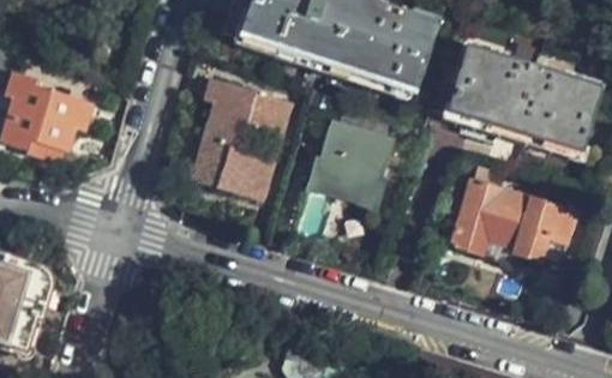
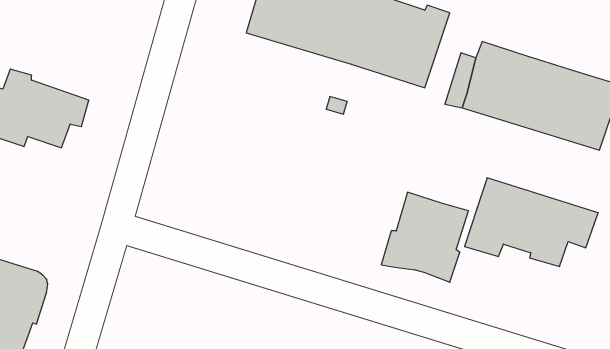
building: [192,77,289,199] -> none
building: [307,120,391,206] -> [381,192,469,282]

